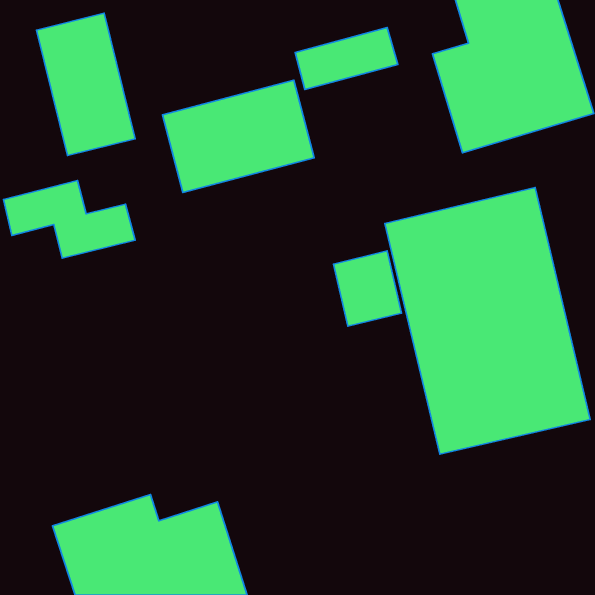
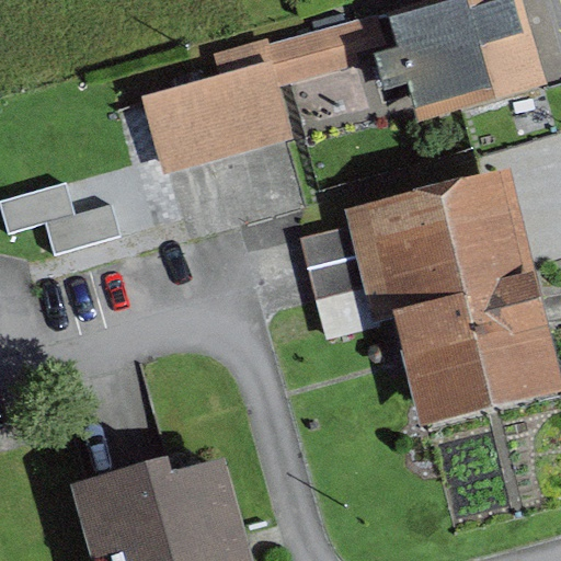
building: [37,13,135,156] -> none

